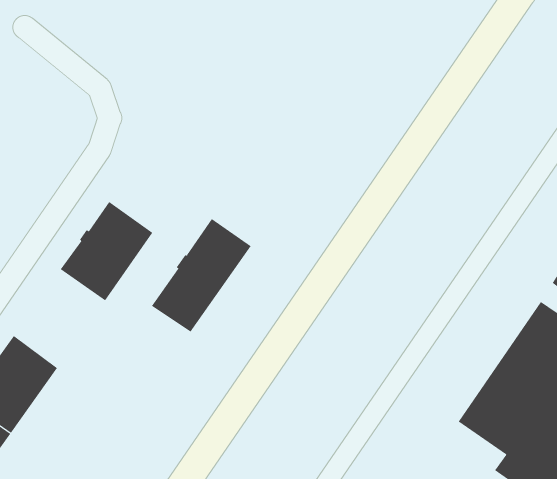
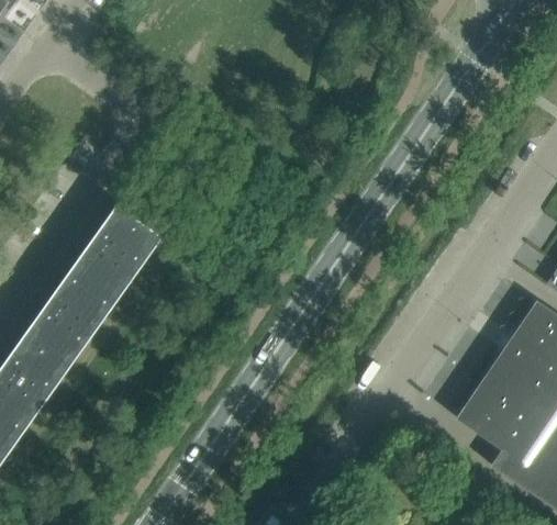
building: [151,218,251,333] -> none
building: none -> [27,269,116,365]

